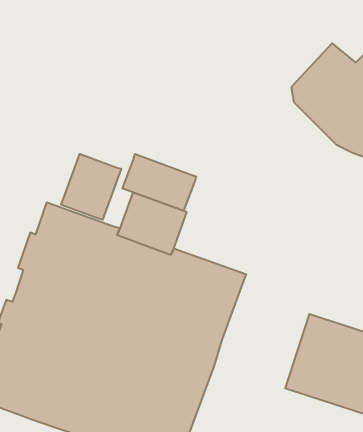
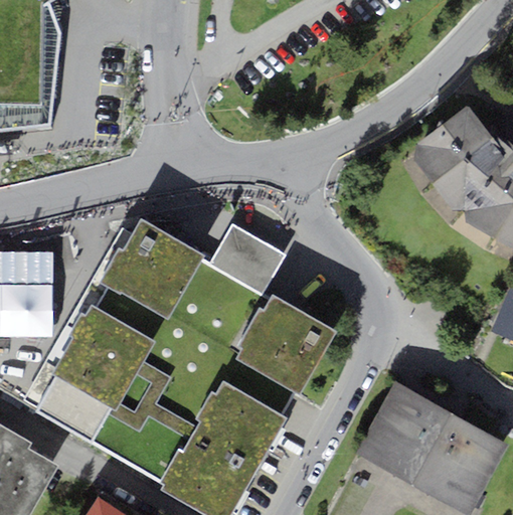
building: [61,154,121,220] -> none
building: [123,154,196,211] -> none

